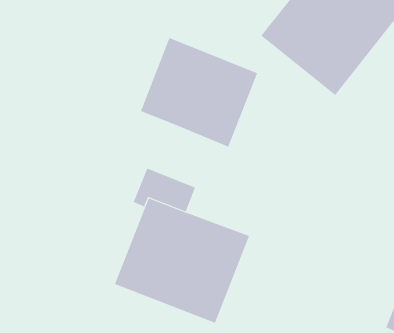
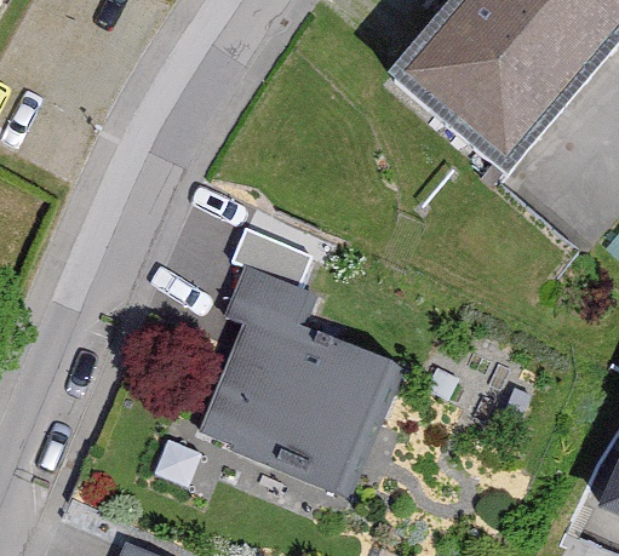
building: [140,37,258,148] -> none

